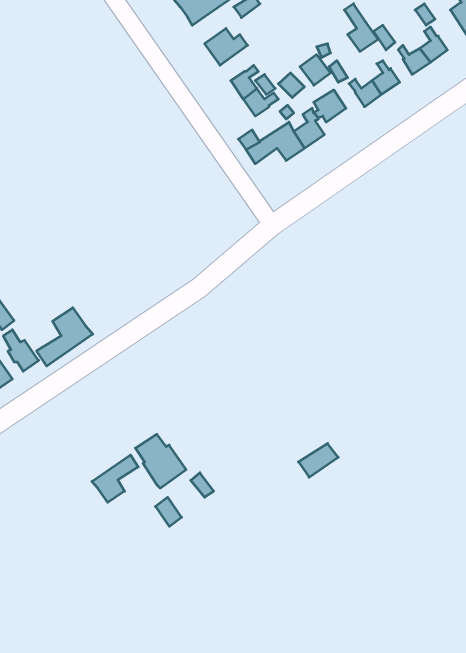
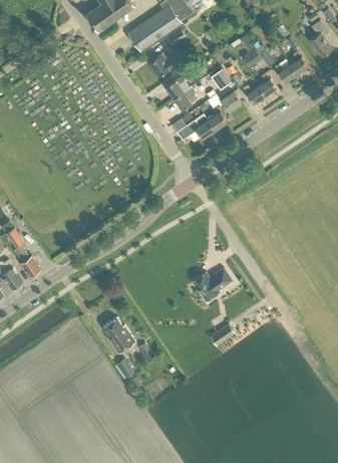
building: [37,308,93,366] -> none
building: none -> [192,268,232,301]
building: [92,455,138,502] -> none

